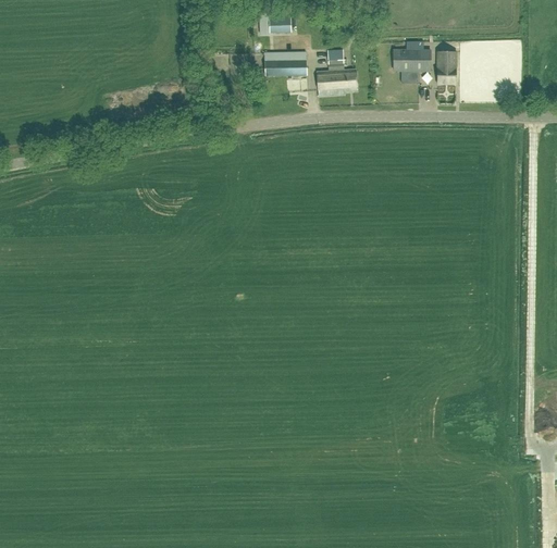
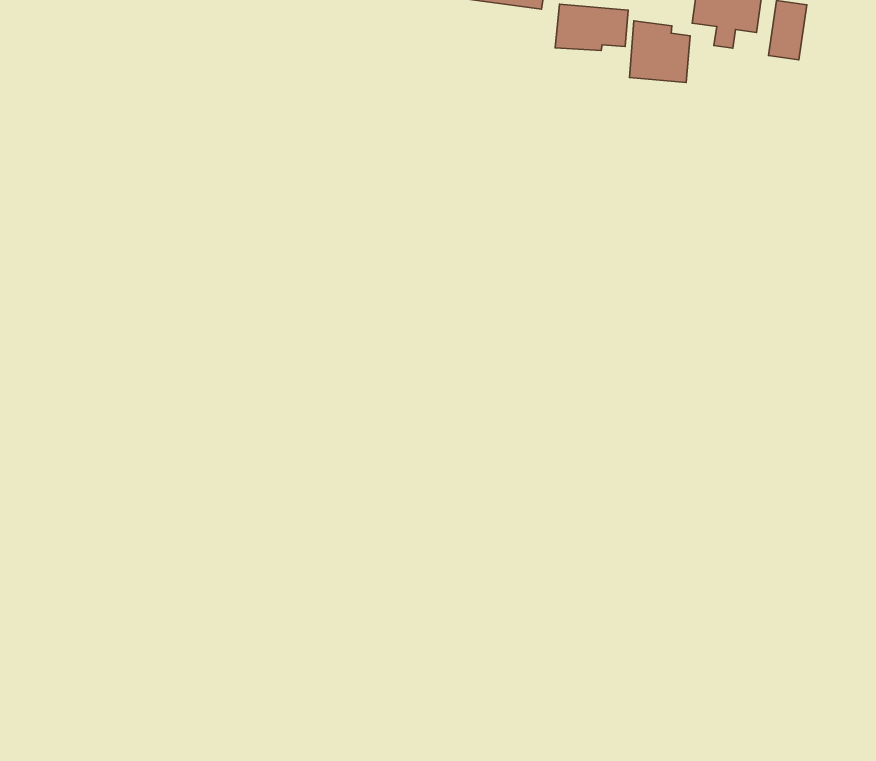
building: none -> [629,21,690,82]

